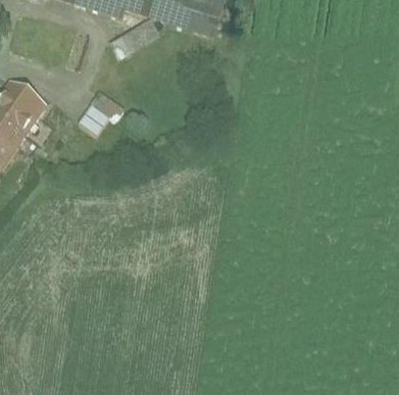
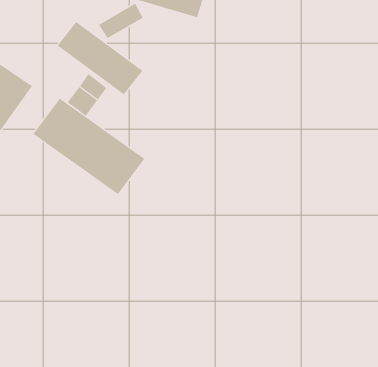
building: none -> [57,21,143,95]
building: none -> [32,98,145,195]

